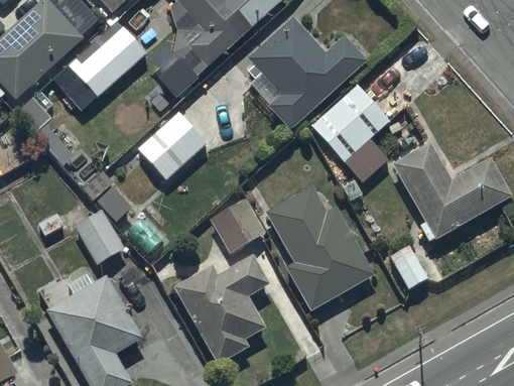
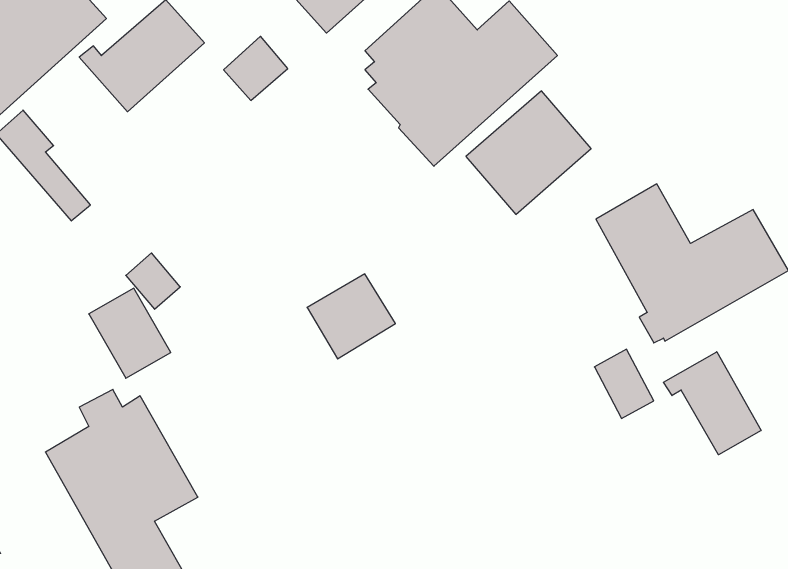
building: [138,111,207,178] -> none
building: [265,185,375,311] -> none
building: none -> [663,352,761,455]
building: [173,255,270,366] -> none

